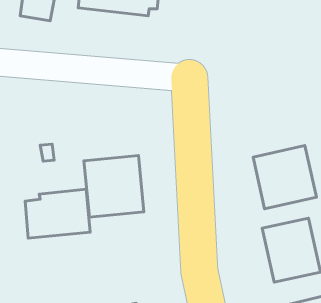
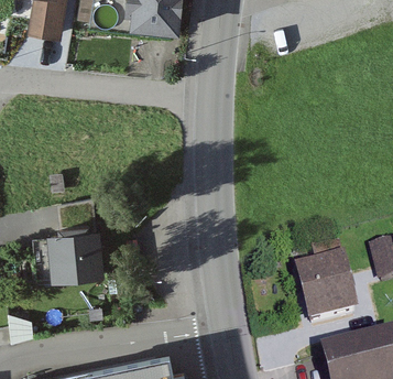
building: [253,145,316,209] -> none
building: [84,156,144,217] -> none

